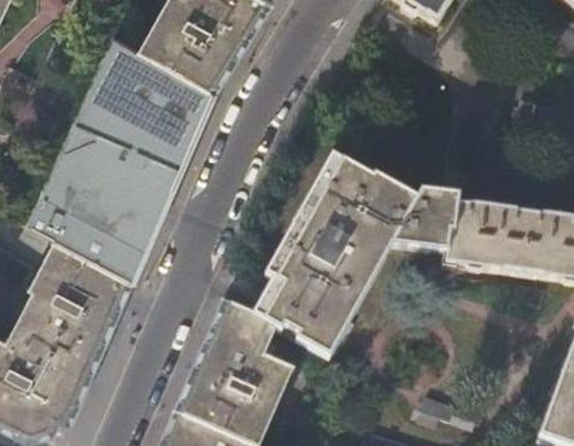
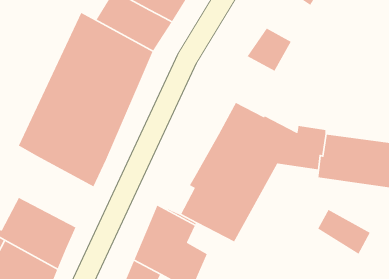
building: none -> [247,27,292,72]
building: [29,216,136,329] -> none
building: none -> [317,209,371,255]

